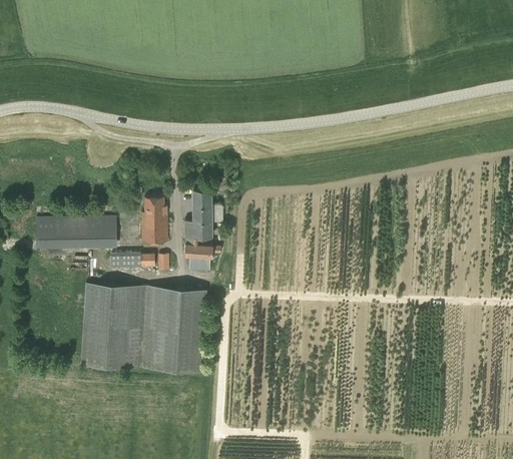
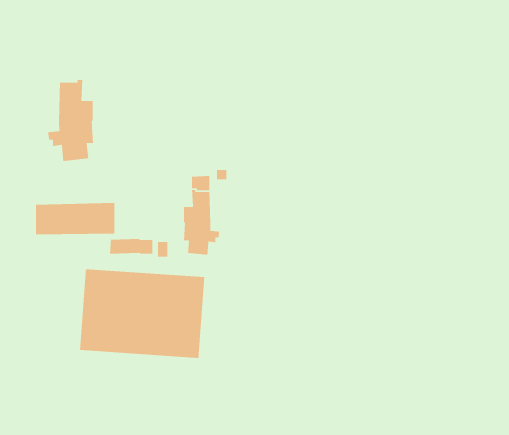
building: none -> [47,79,94,162]
building: [141,198,167,243] -> none

